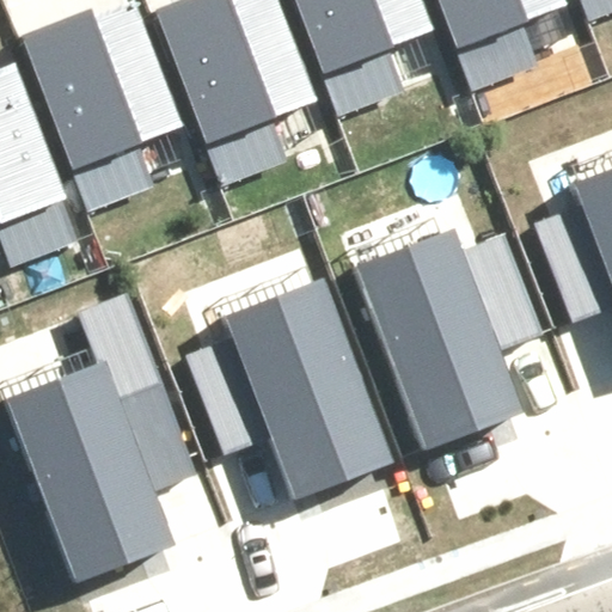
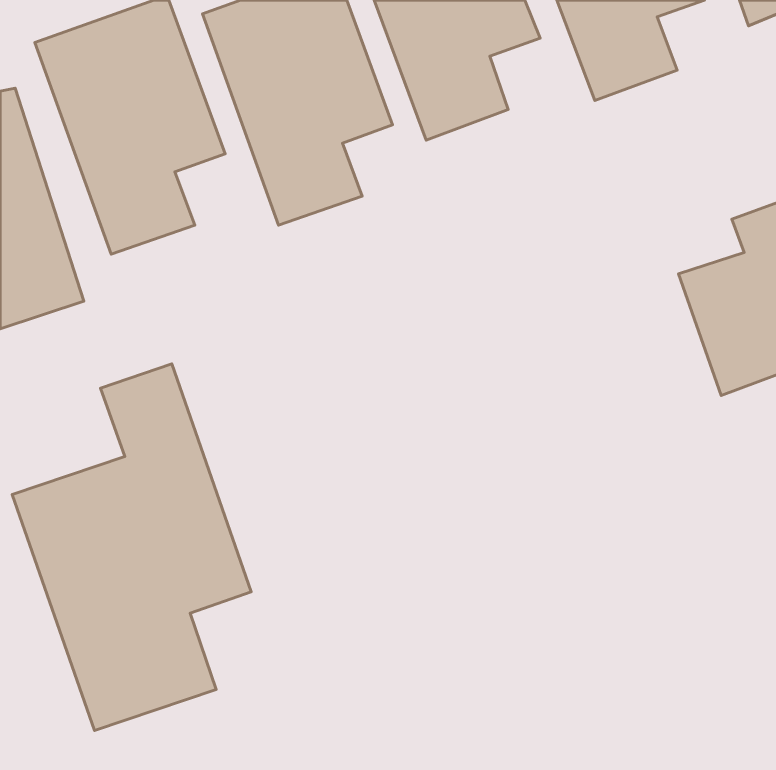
building: [362,225,547,439] -> none
building: [189,279,385,491] -> none

